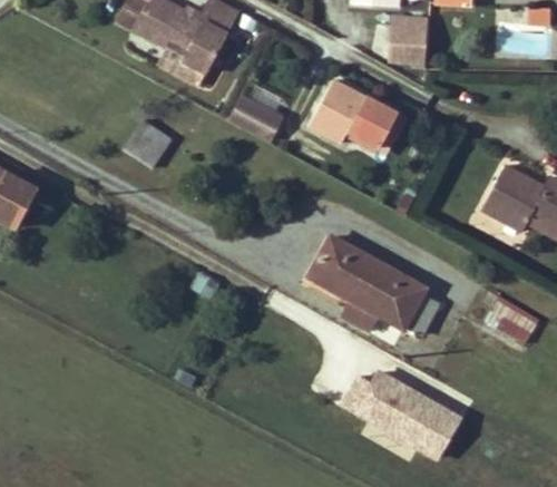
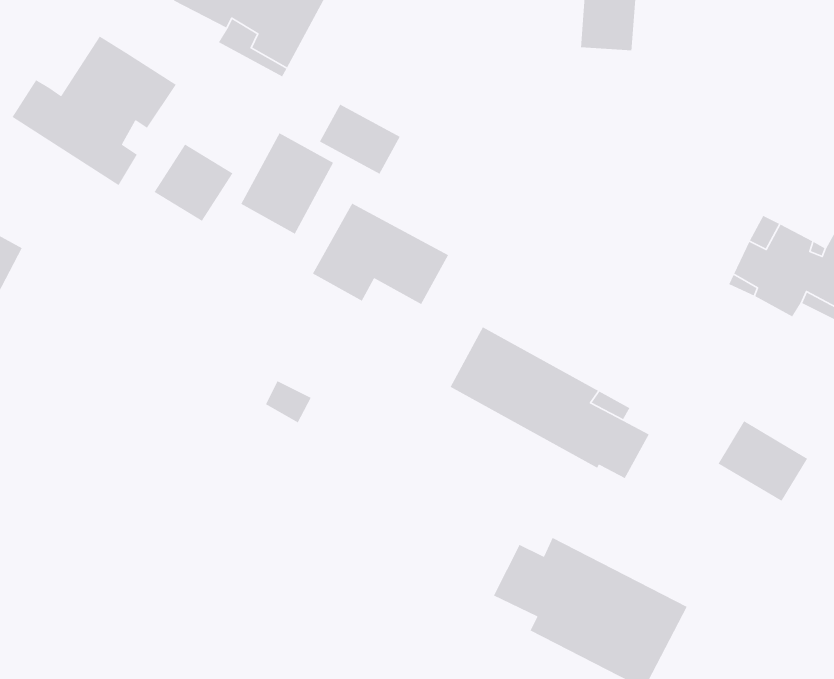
building: none -> [12,36,177,186]
building: [310,81,398,147] -> [312,203,449,305]
building: none -> [240,132,334,235]

